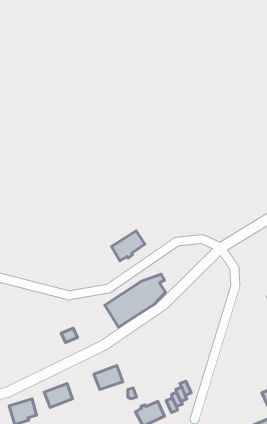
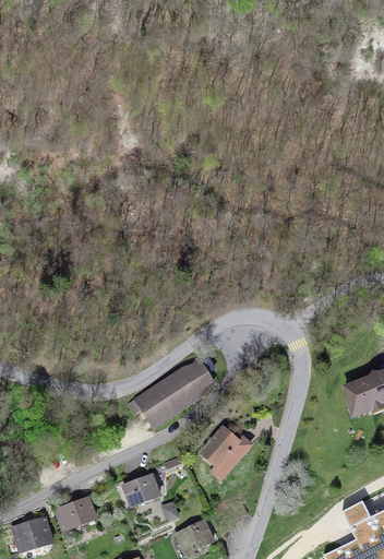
building: [112,231,145,261] -> none
building: none -> [202,428,250,465]

